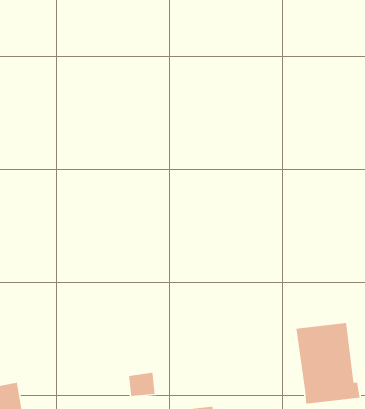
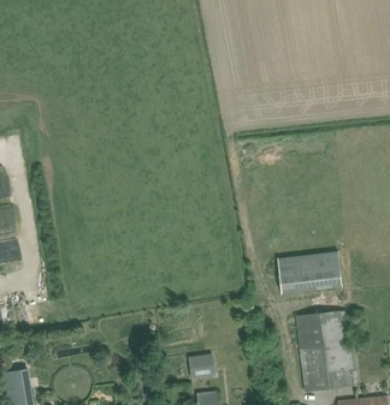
building: none -> [274,251,338,291]
building: [128,372,156,397] -> [189,353,215,377]

